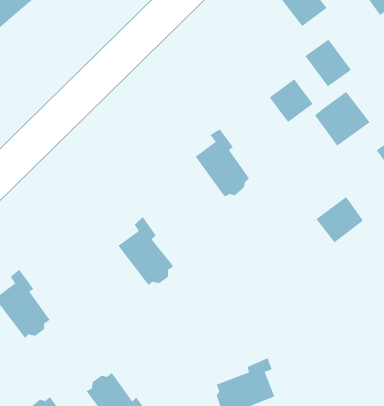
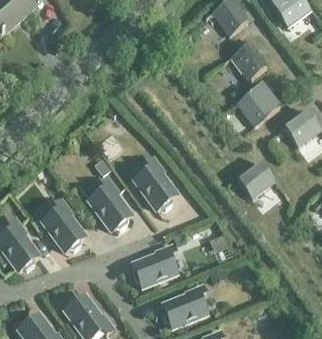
building: [269,79,314,123] -> none
building: [195,128,250,197] -> [135,157,176,209]
building: none -> [43,199,85,251]
building: none -> [133,245,177,287]

